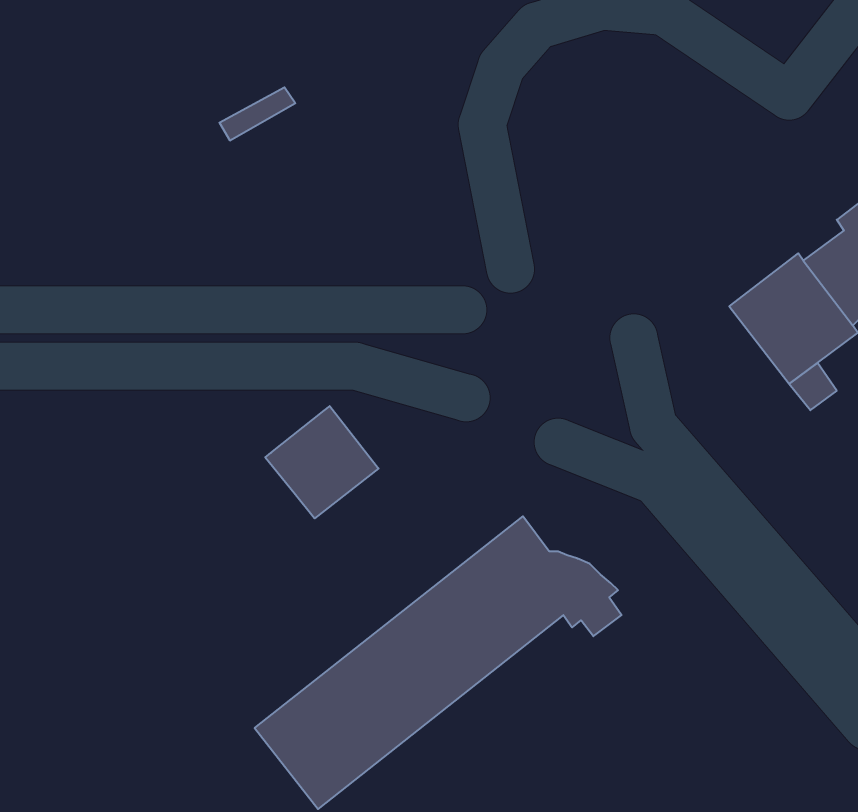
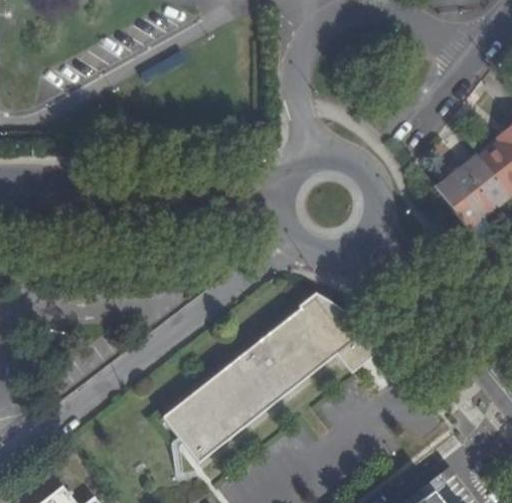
building: [265,406,379,518] -> none

